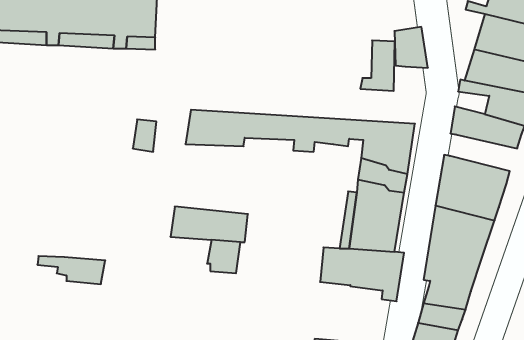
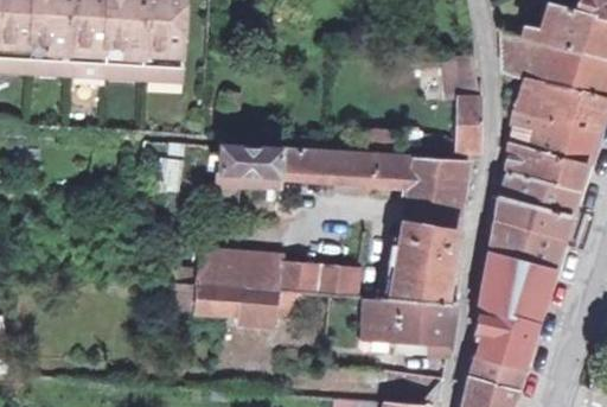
building: none -> [501,30,544,78]
building: [360,40,395,91] -> [443,97,481,153]
building: none -> [505,172,580,212]
building: none -> [280,260,360,295]
building: [37,256,105,284] -> [168,284,243,314]

